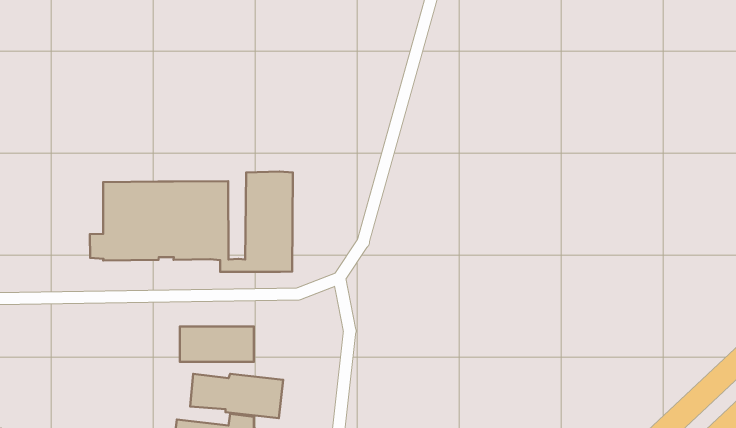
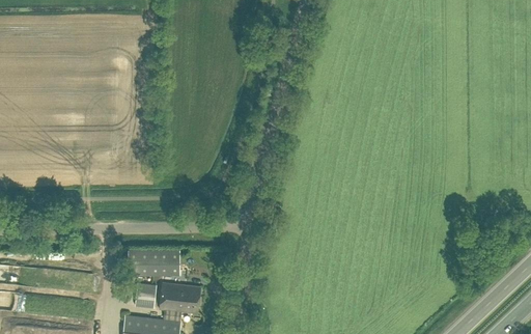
building: [90,171,293,272] -> none

